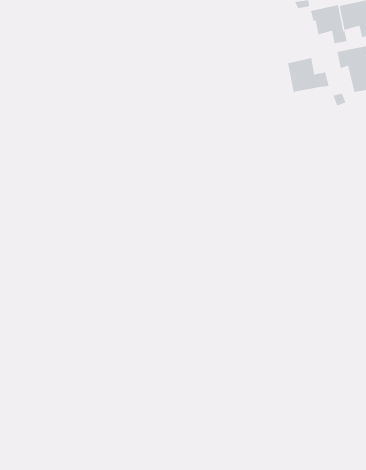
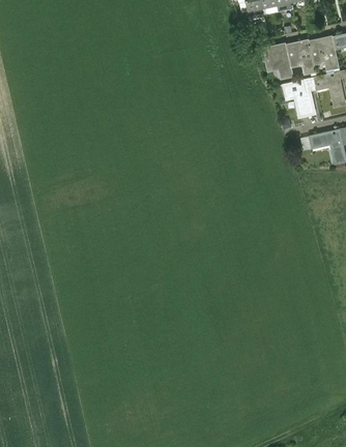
building: [287,57,329,93] -> none

